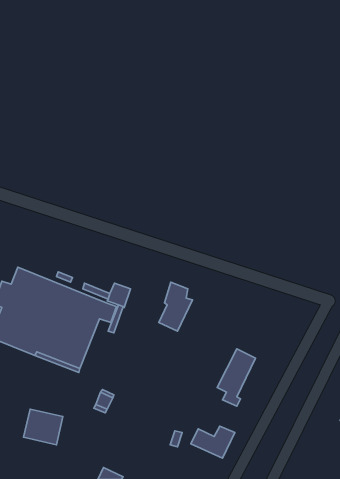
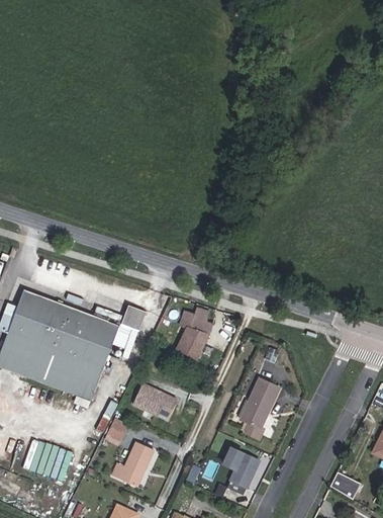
building: none -> [133,383,178,420]
building: none -> [113,441,154,486]
building: none -> [329,472,358,498]

